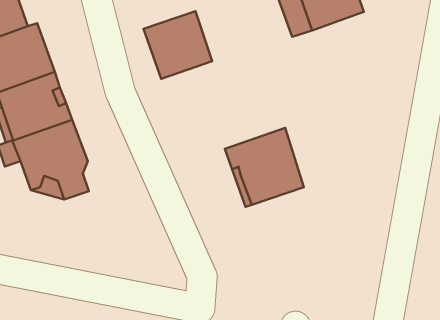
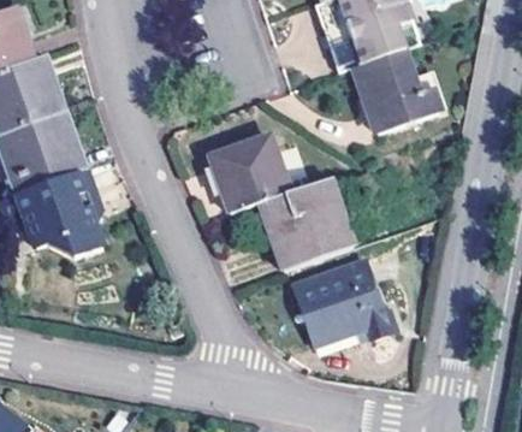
building: [144,11,212,79] -> [210,134,290,212]
building: none -> [356,49,440,135]
building: none -> [292,261,395,342]

